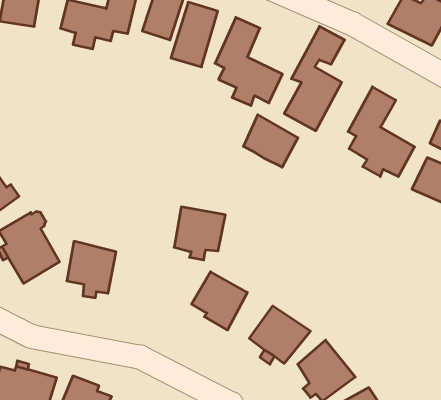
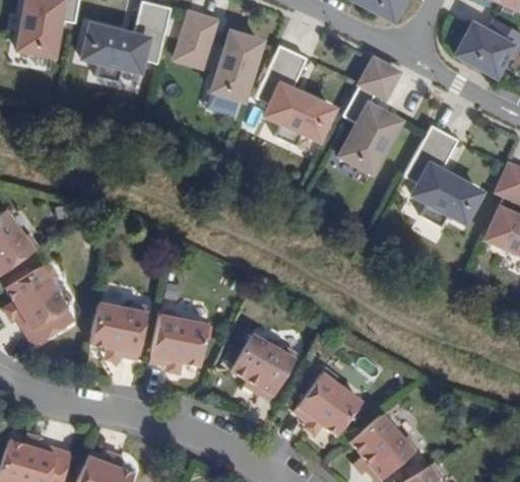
building: [243,115,298,167] -> none
building: [174,207,225,260] -> [149,315,207,374]

